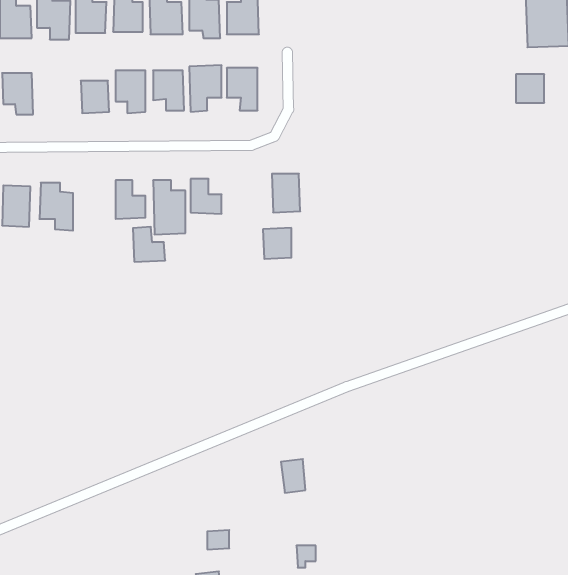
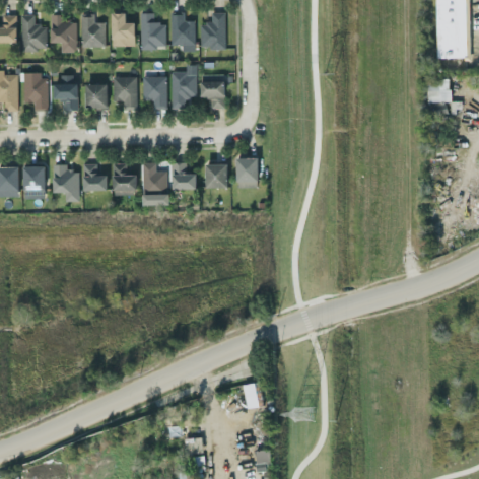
building: none -> [54,83,78,111]
building: [133,227,165,262] -> [82,163,108,191]
building: [263,228,291,259] -> [205,163,227,188]

